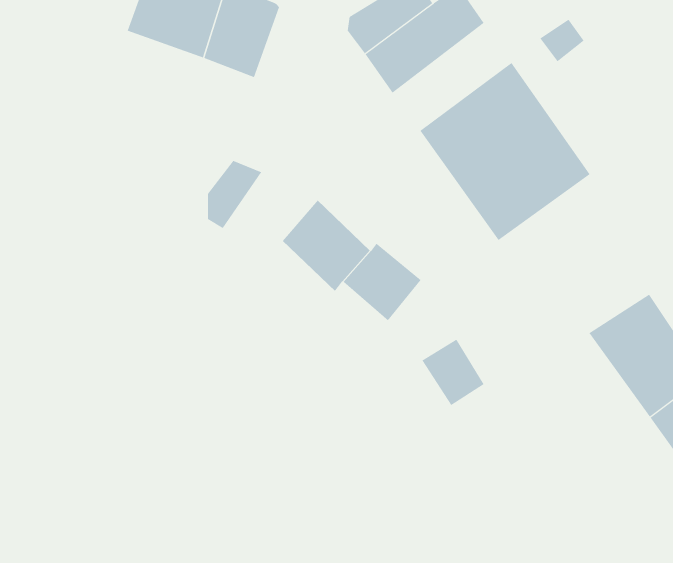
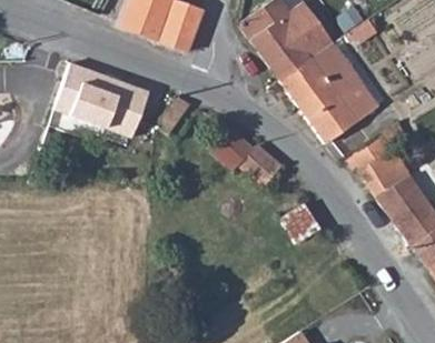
building: none -> [265,20,333,81]
building: none -> [52,63,148,138]
building: none -> [348,133,411,195]

